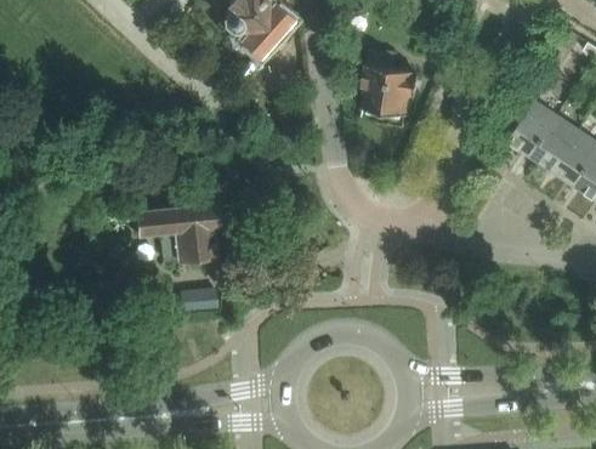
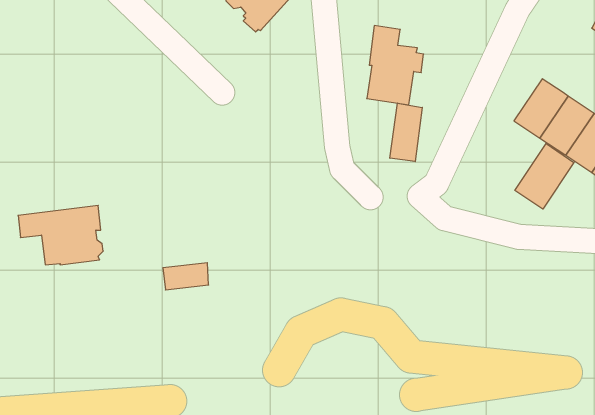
building: none -> [390,103,422,162]
building: none -> [515,144,574,209]
building: [137,203,221,261] -> [18,205,103,265]

